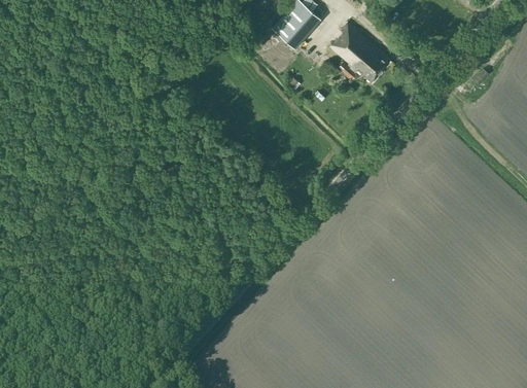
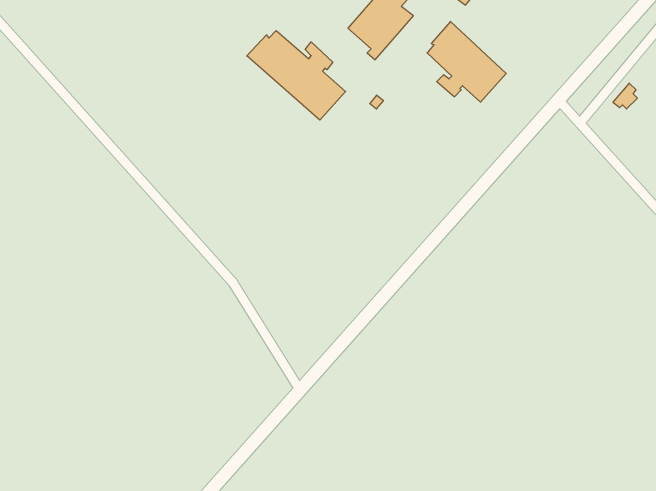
building: none -> [247,31,346,120]

